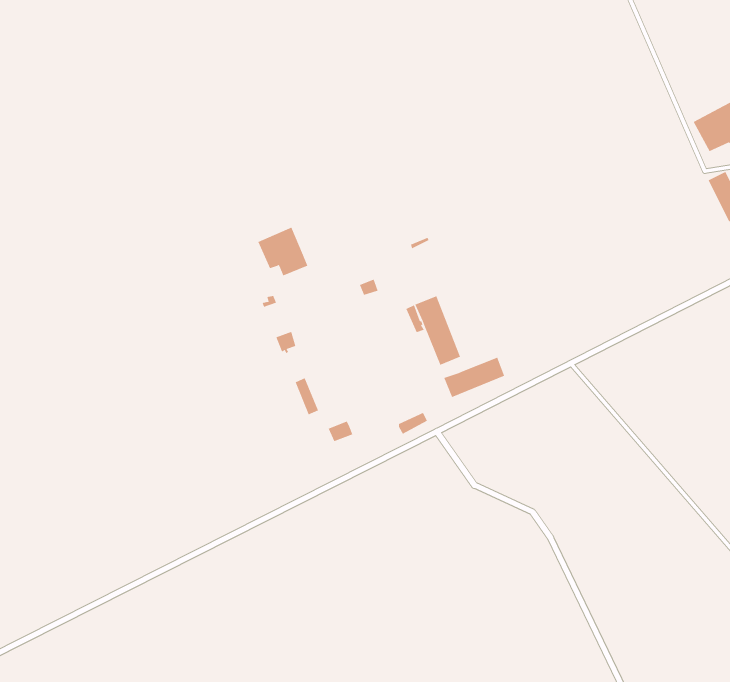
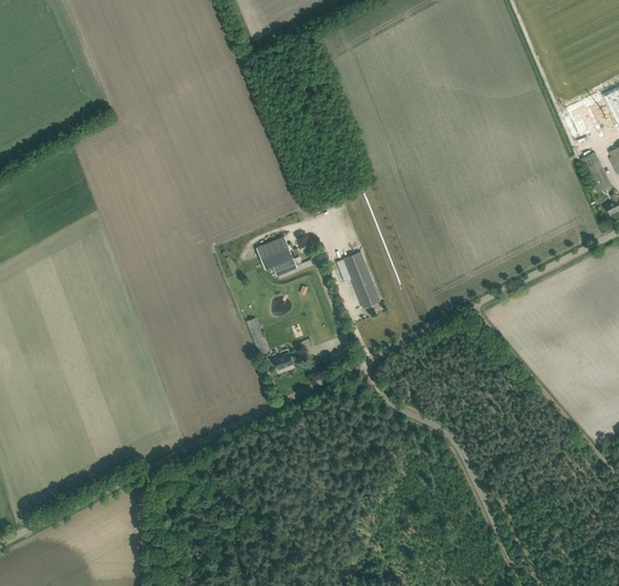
building: [257,227,308,276] -> [256,236,297,275]
building: [444,357,505,398] -> none

